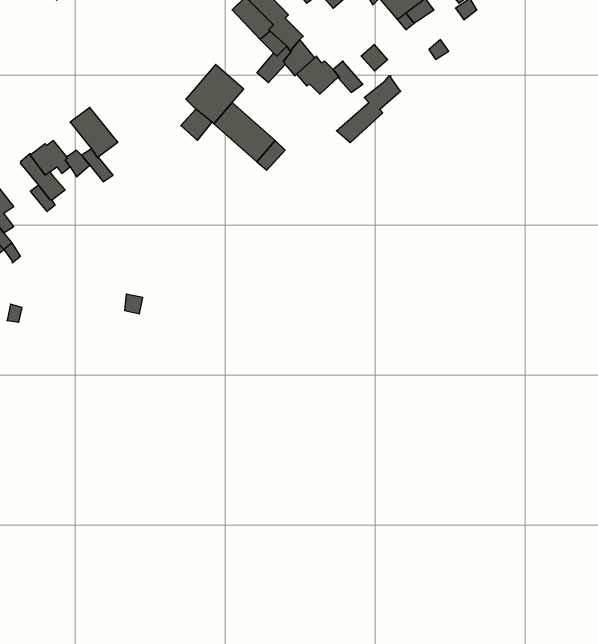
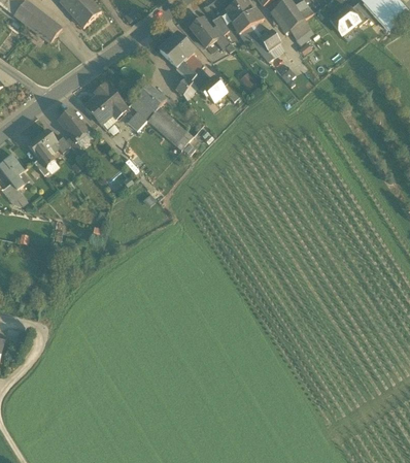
building: none -> [86,82,127,122]
building: [336,76,401,143] -> none

